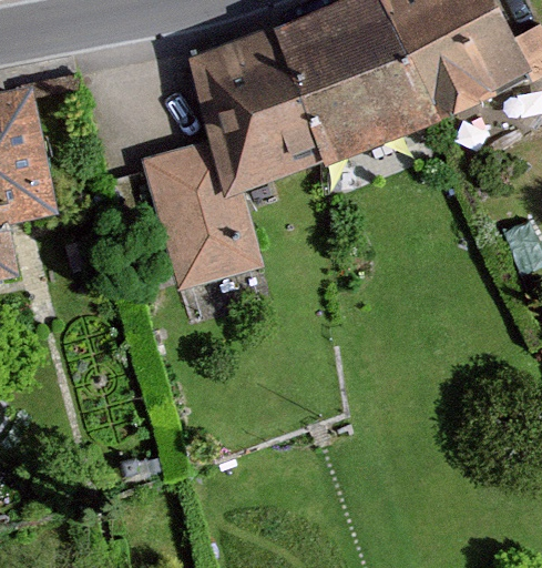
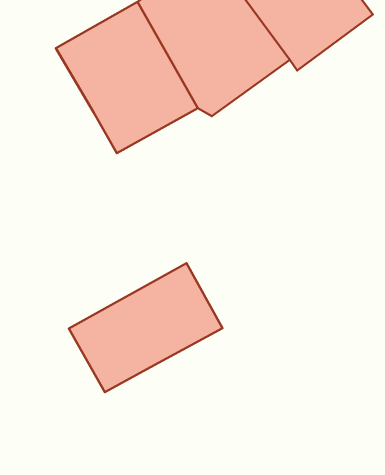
building: [133,133,257,294] -> none
building: none -> [69,263,223,392]

